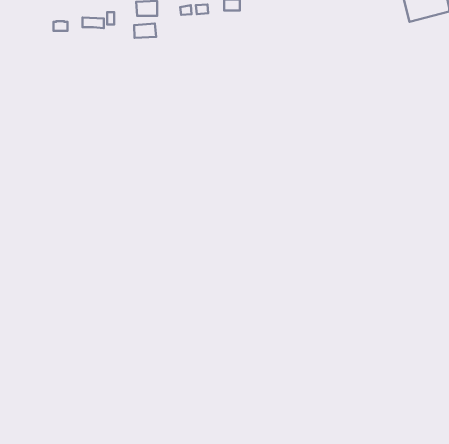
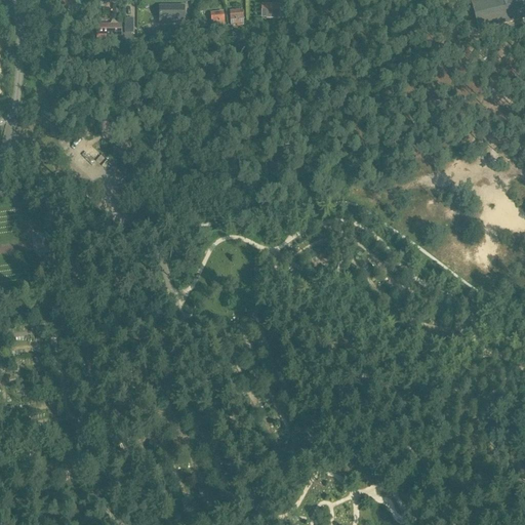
building: [134,23,156,38] -> none

